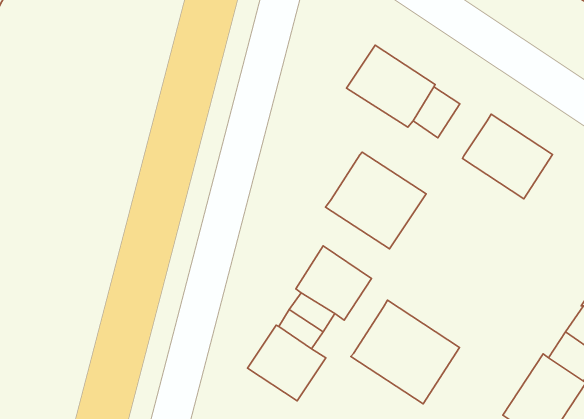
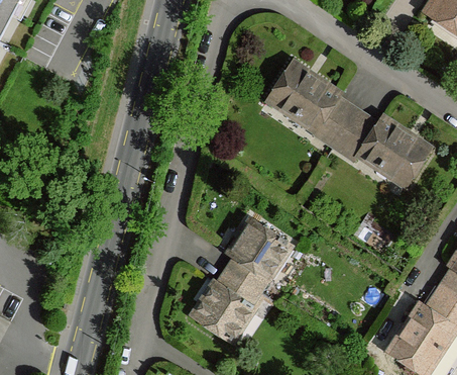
building: none -> [340,111,378,152]
building: [326,152,426,249] -> none
building: [351,300,460,404] -> none

